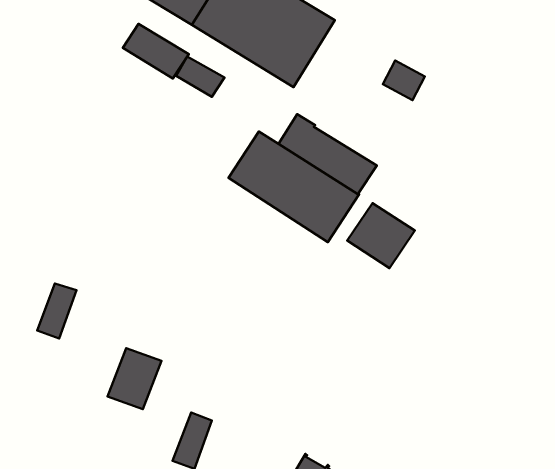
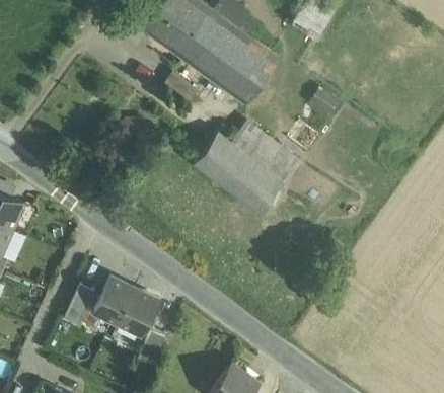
building: [123,24,189,78] -> none
building: [347,203,415,268] -> none
building: [37,284,77,339] -> [64,286,94,325]
building: none -> [118,291,157,335]

